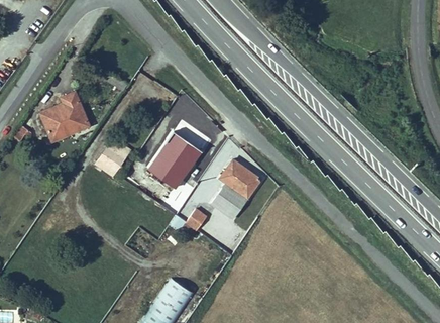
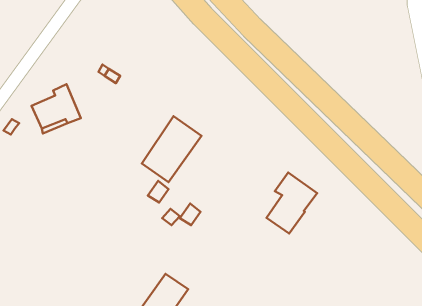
building: [97,146,131,175] -> none
building: [211,159,260,219] -> [267,173,317,233]

